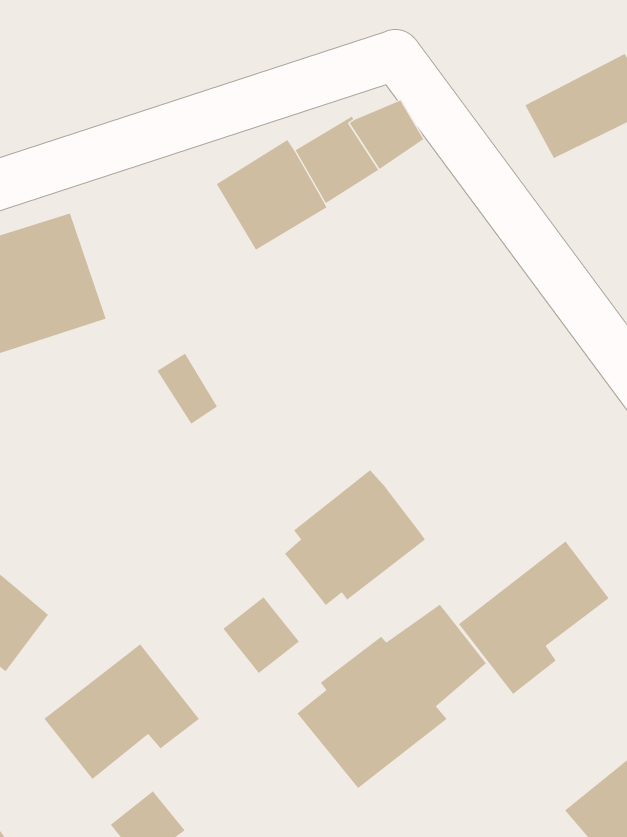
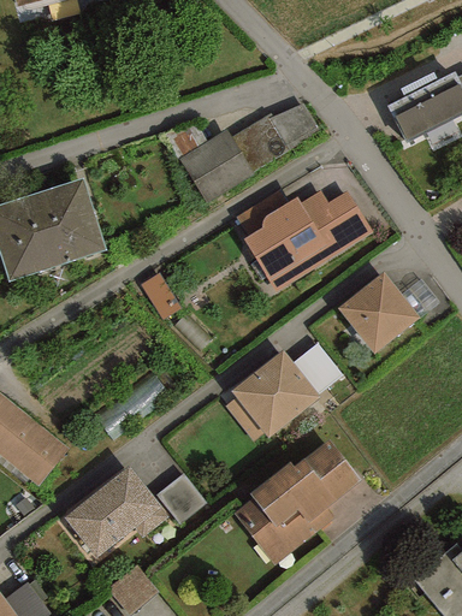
building: none -> [235,189,372,291]
building: none -> [337,272,419,353]
building: none -> [292,343,340,393]
building: [458,540,610,695] -> none
building: [223,597,300,674] -> [154,473,206,525]

